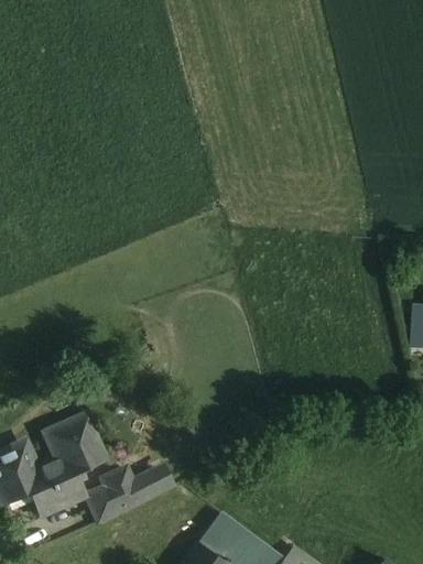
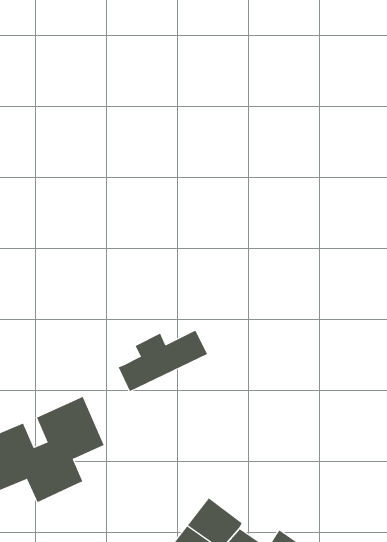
building: [84,460,176,524] -> [118,330,208,392]

